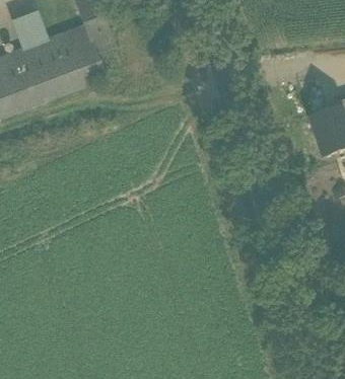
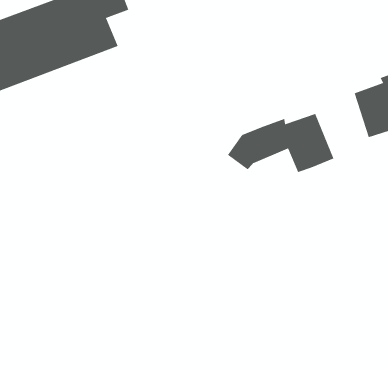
building: none -> [227,113,334,173]

